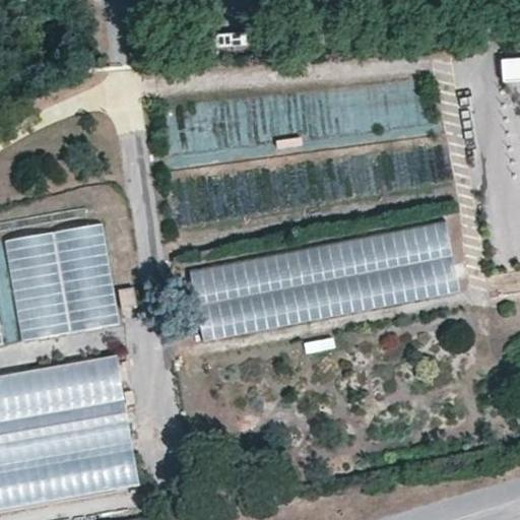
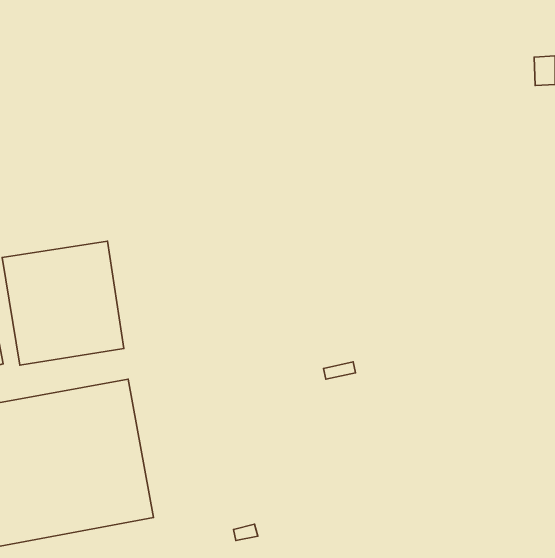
building: [195,223,459,340] -> none

